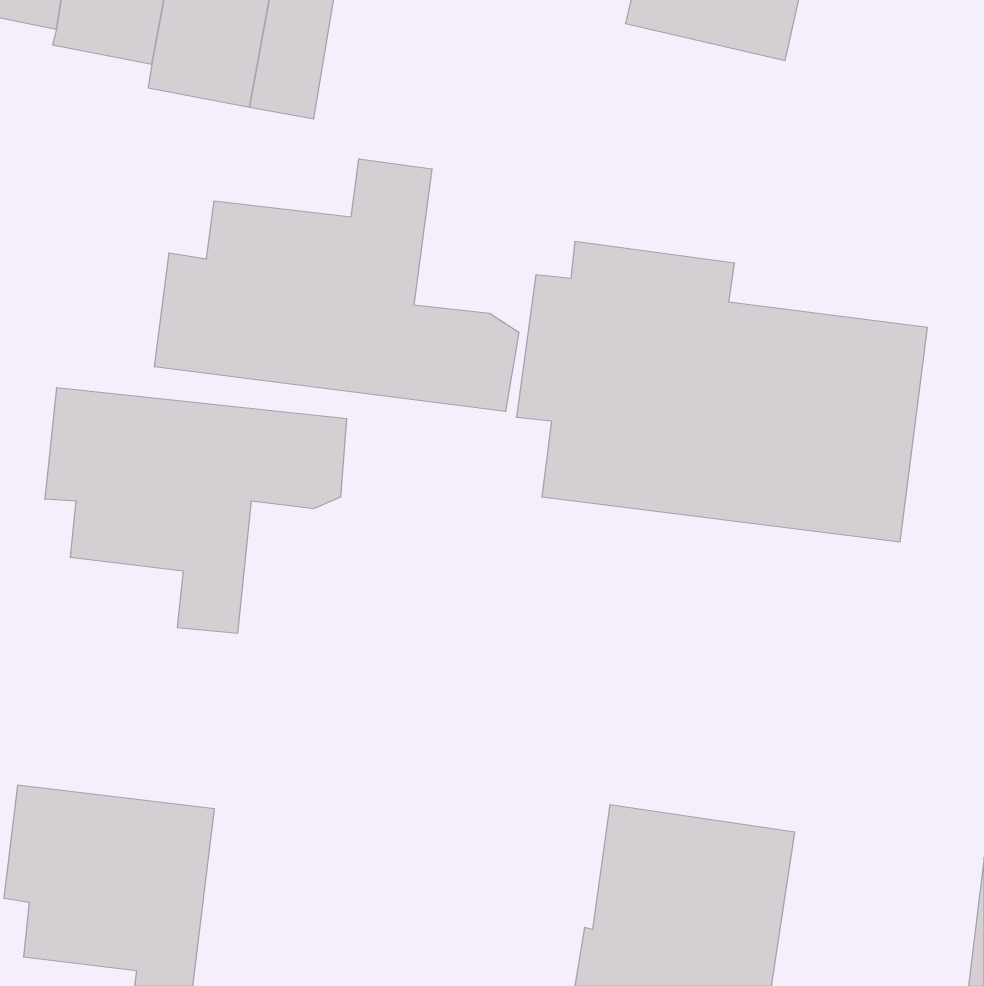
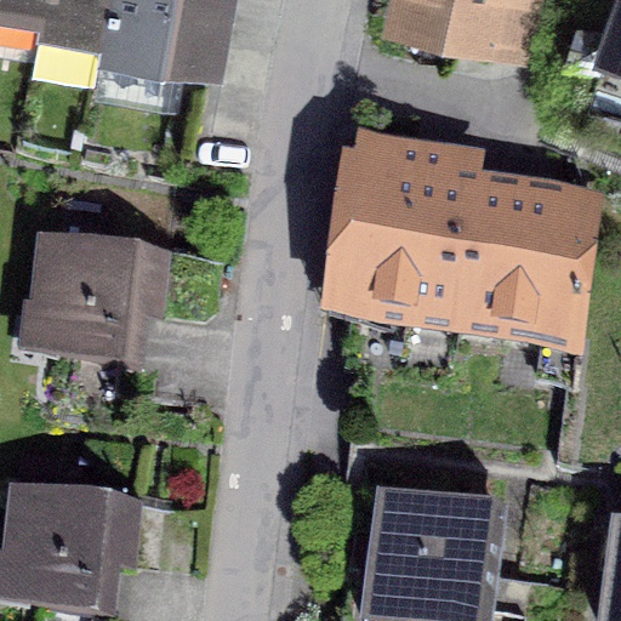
building: [154,159,519,412] -> none

